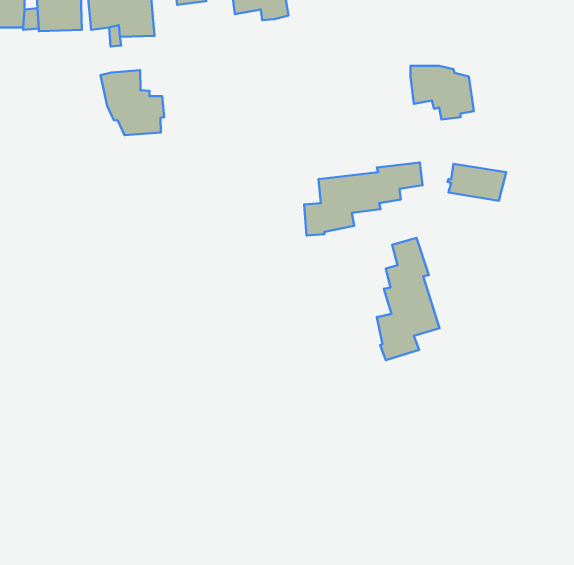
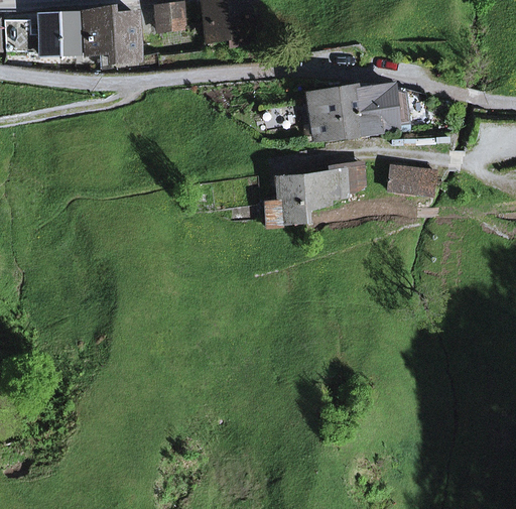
building: [101,70,164,135] -> none
building: none -> [308,92,381,136]
building: [377,238,439,360] -> none

